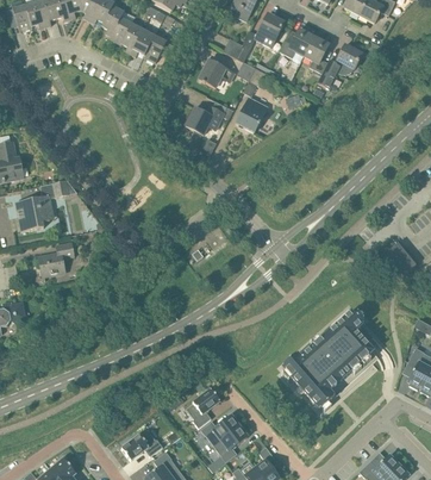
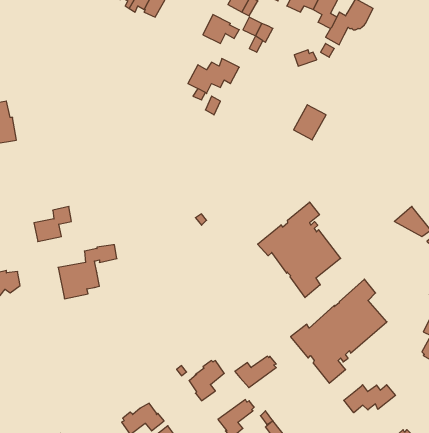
building: [236,98,267,131] -> [294,105,326,140]
building: [14,180,70,231] -> [58,245,117,299]
building: none -> [258,202,341,298]
building: none -> [344,385,395,413]
building: [200,414,239,444] -> [235,356,276,388]

